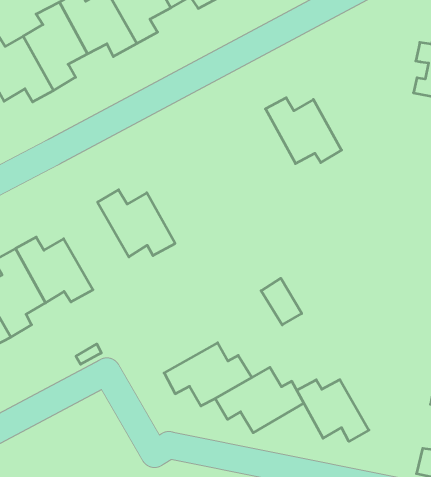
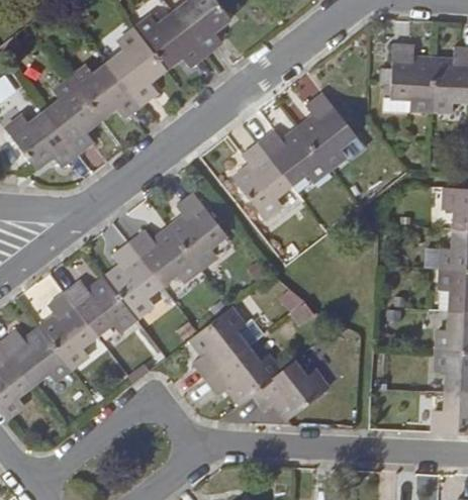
building: none -> [298,92,356,168]
building: none -> [233,142,291,218]
building: none -> [169,192,226,268]
building: none -> [104,242,162,317]
building: none -> [190,307,248,379]
building: [297,380,369,441] -> none

